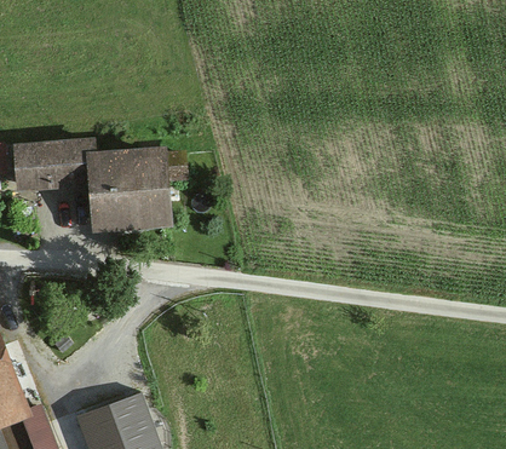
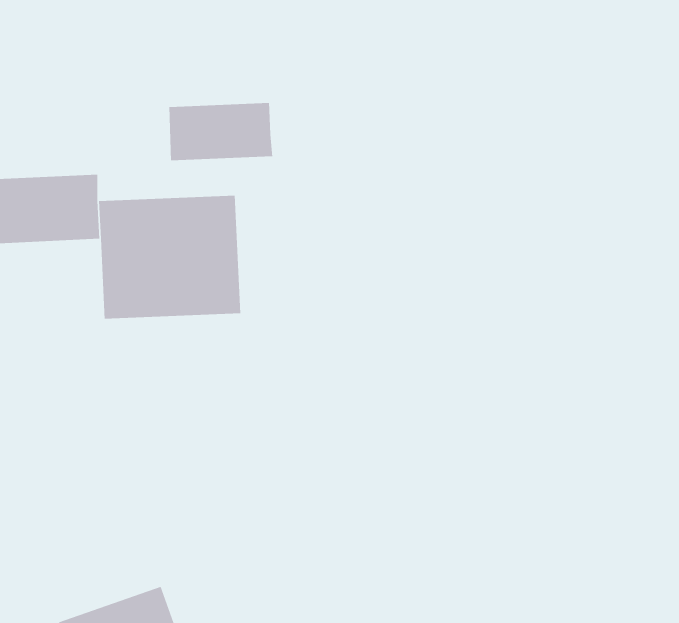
building: none -> [169,102,273,161]

